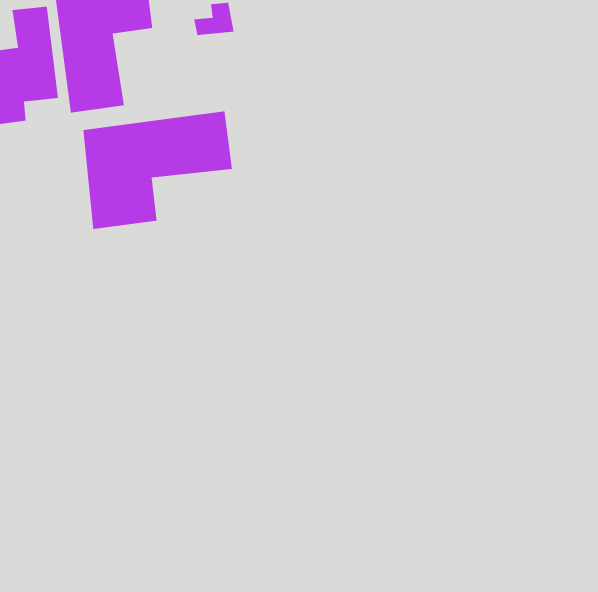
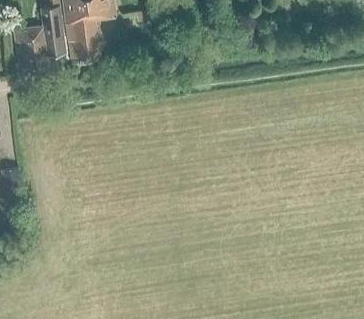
building: [82,111,233,230] -> none

